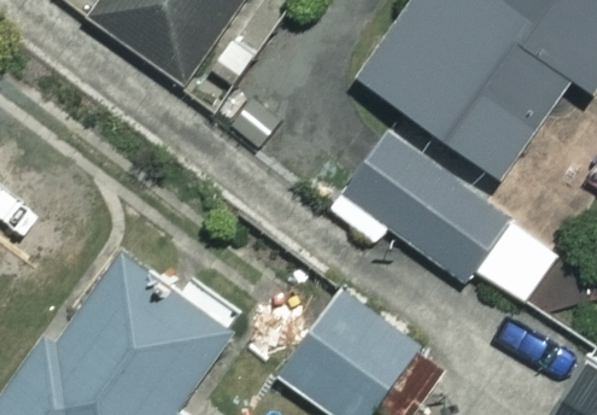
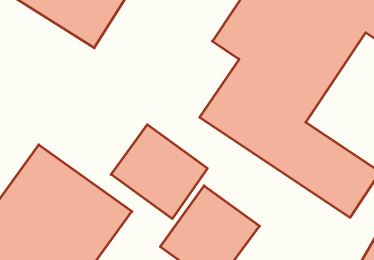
building: none -> [111,125,207,219]

